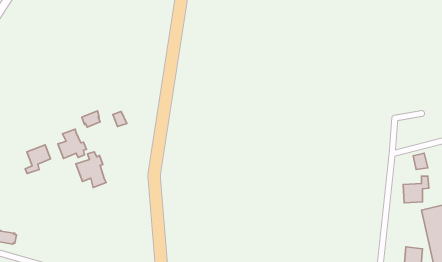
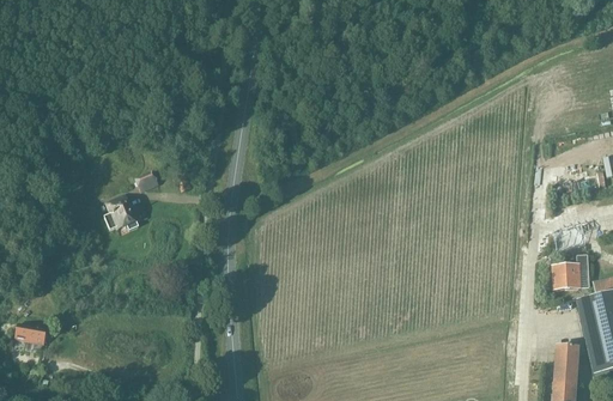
building: [25,145,50,174] -> none
building: [76,152,106,188] -> none

